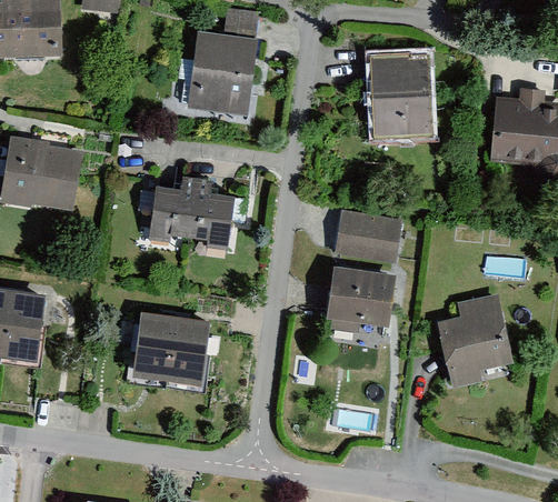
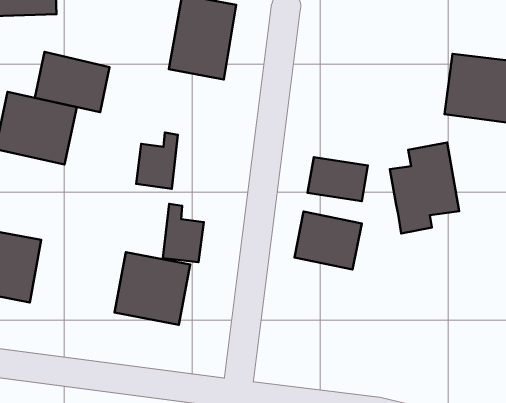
building: [367,50,431,132] -> none
building: none -> [35,52,110,112]
building: [189,182,233,245] -> [163,204,204,262]
building: [437,291,512,390] -> [390,143,459,234]

